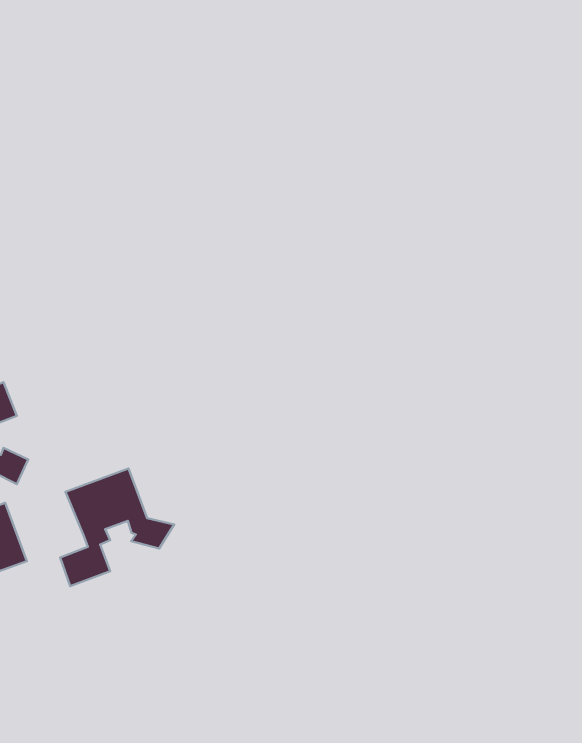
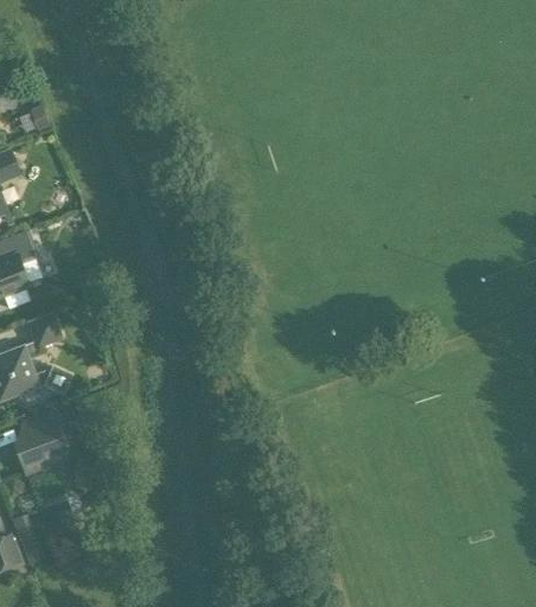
building: [60,468,174,586] -> none

